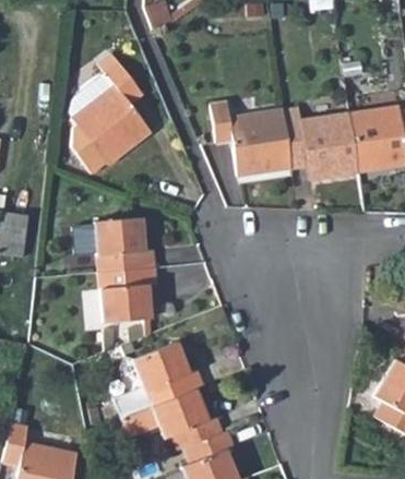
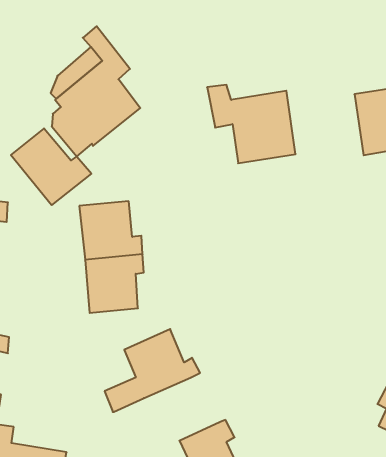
building: [288,110,361,181] -> none
building: none -> [11,128,91,205]
building: [124,384,225,446] -> none

